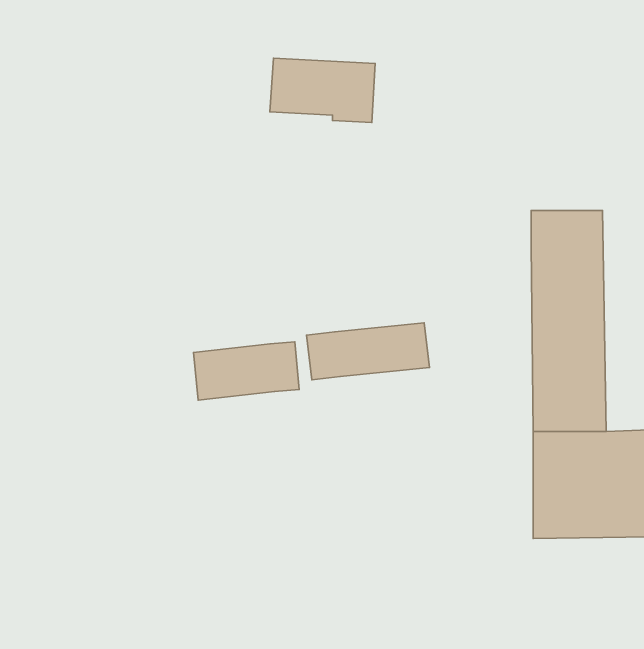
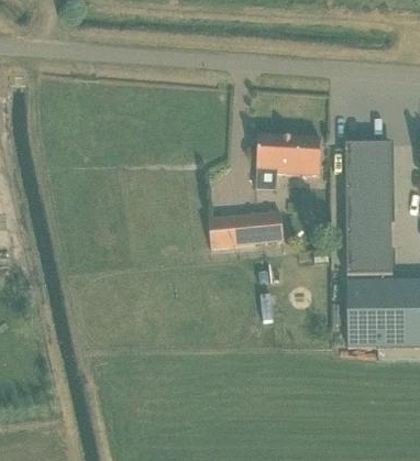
building: [270,58,375,122] -> [256,135,321,175]
building: [194,342,299,400] -> none

